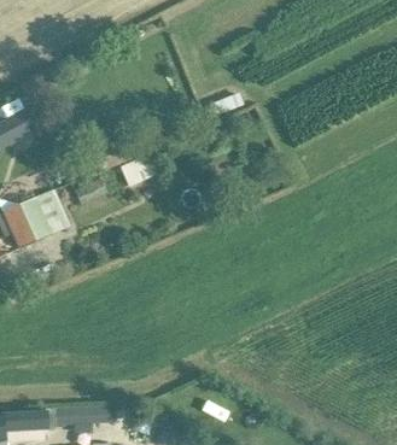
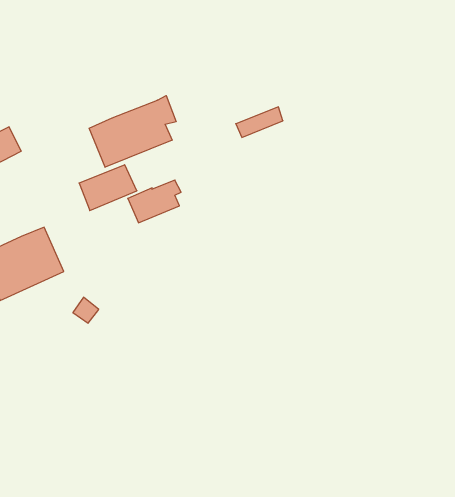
building: none -> [89,96,176,167]

